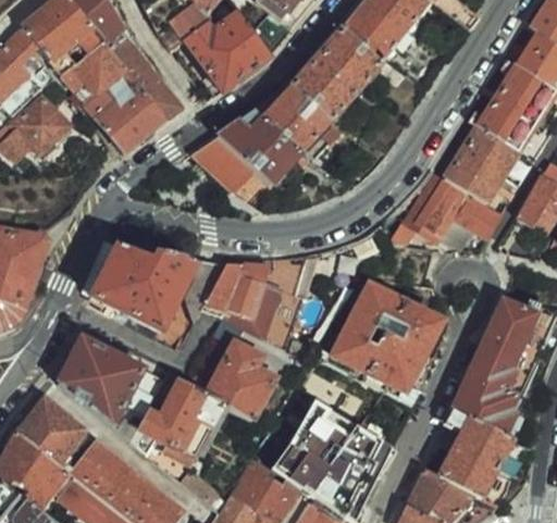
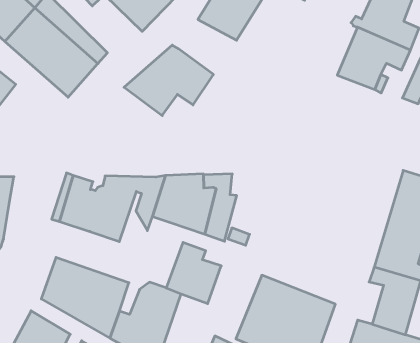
building: [264,85,334,152] -> none
building: [389,176,502,246] -> none
building: [333,285,441,393] -> none

